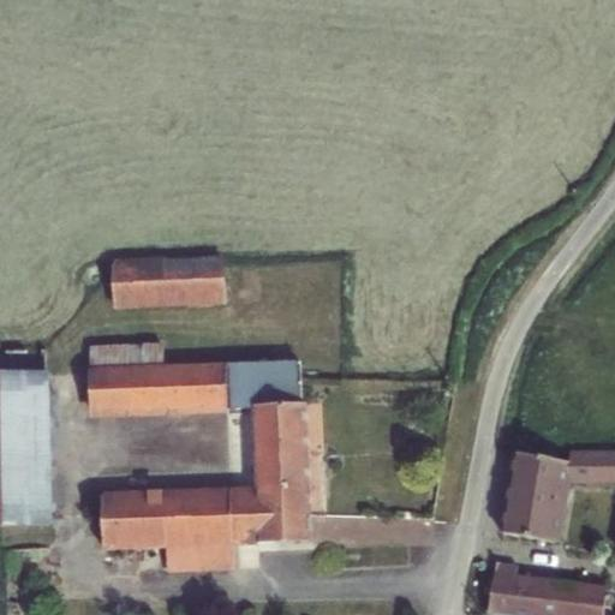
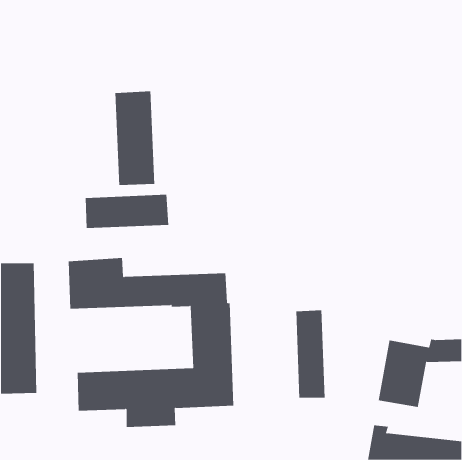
building: none -> [115,91,155,186]
building: none -> [296,309,325,399]

